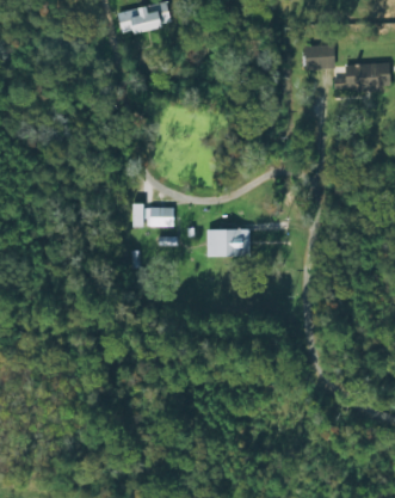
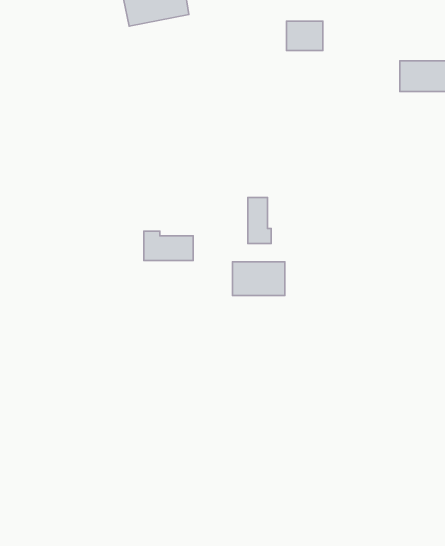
building: [304,45,334,69] -> [286,21,323,50]
building: none -> [248,198,271,243]

